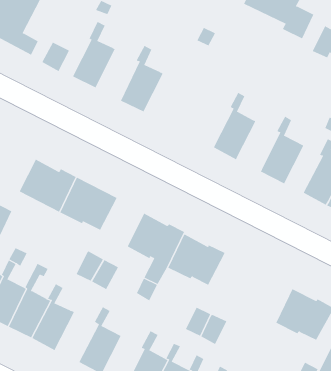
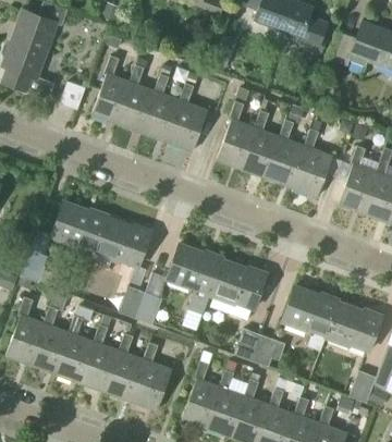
building: none -> [117,65,157,133]
building: none -> [168,83,208,151]
building: none -> [217,101,257,169]
building: none -> [267,120,307,187]
building: none -> [282,285,339,351]
building: none -> [107,333,147,401]

